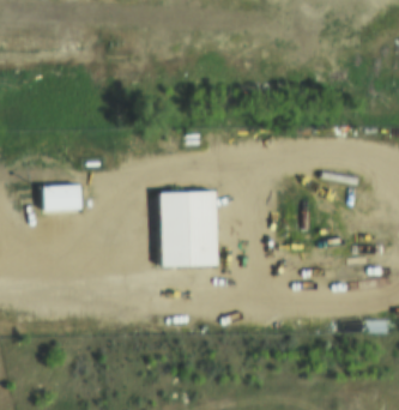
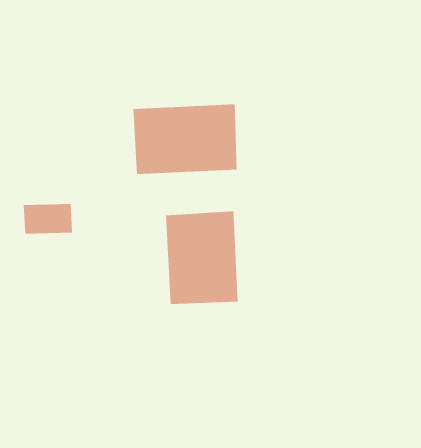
building: none -> [133,104,237,175]

